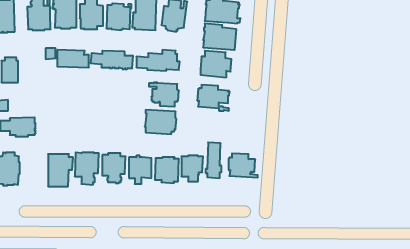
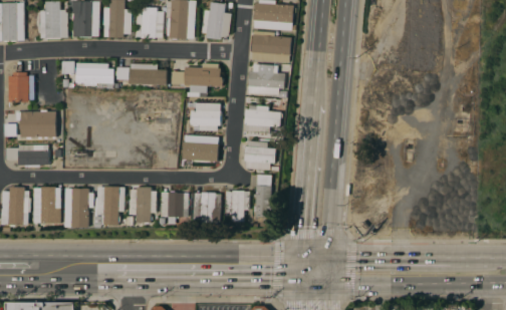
building: none -> [16,109,57,138]
building: none -> [34,187,61,224]
building: [229,153,258,178] -> [245,141,280,171]

